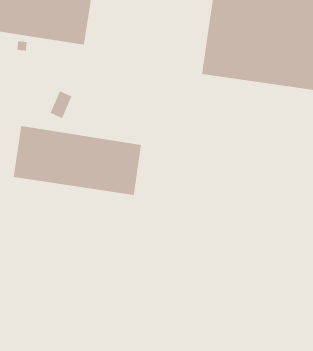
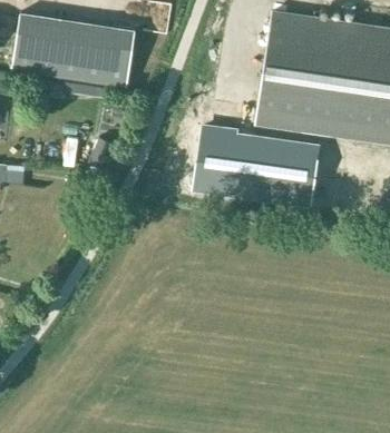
building: none -> [193,128,318,203]
building: [13,125,142,196] -> none

